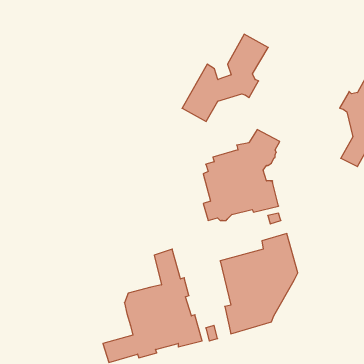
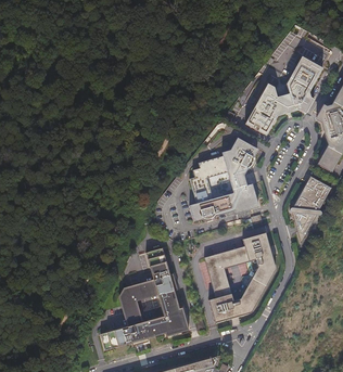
building: [182,34,268,121] -> [244,55,322,134]
building: none -> [290,176,331,243]

